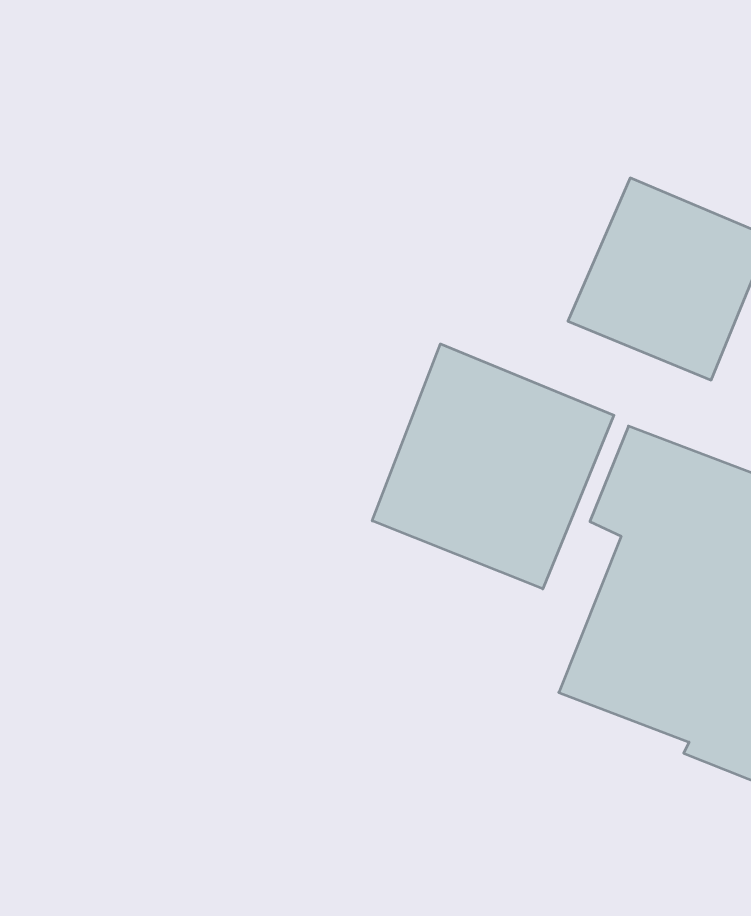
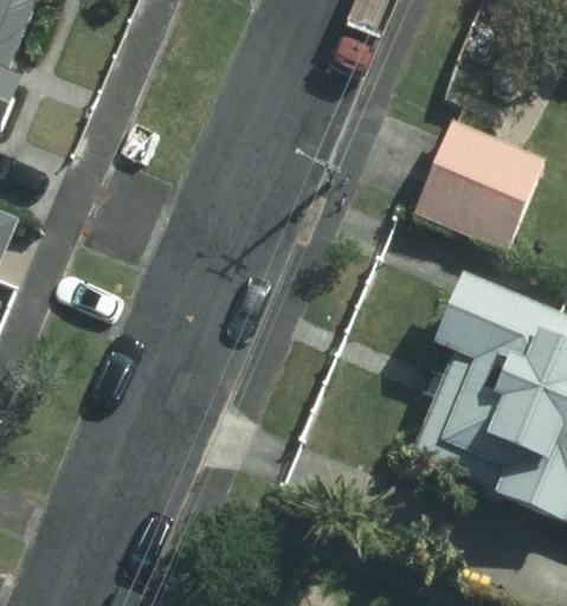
building: [372,344,614,589] -> none

